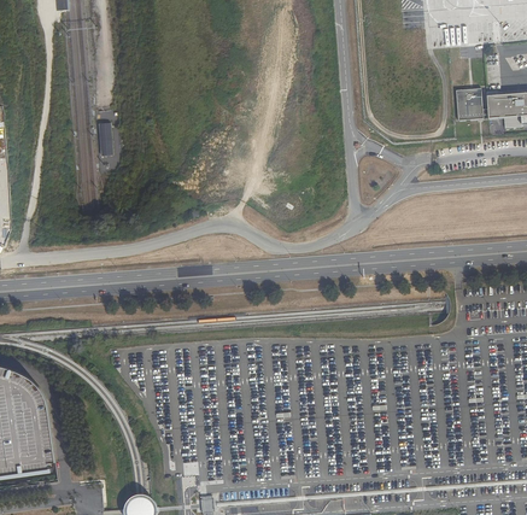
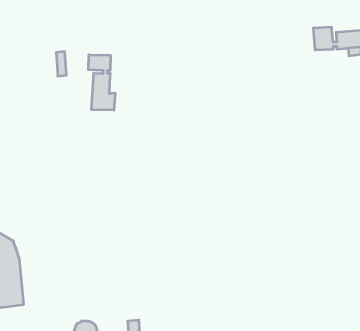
building: none -> [88,55,115,110]

